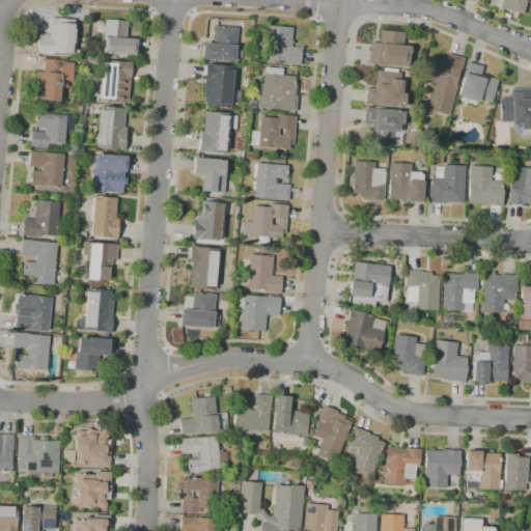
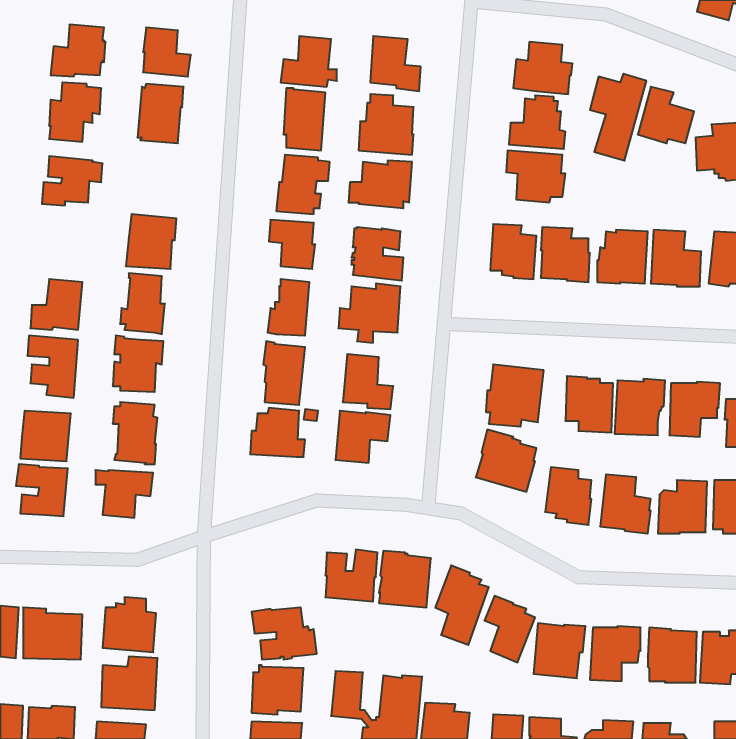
building: [97,106,129,151] -> none
building: [30,151,65,188] -> none
building: [180,396,229,435] -> none

